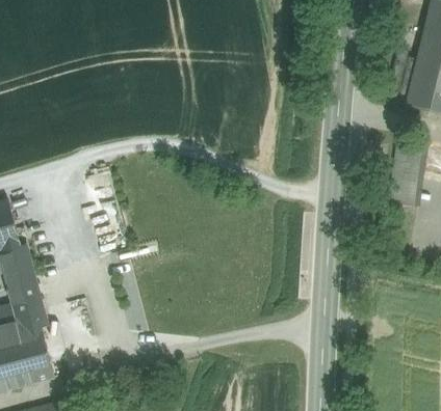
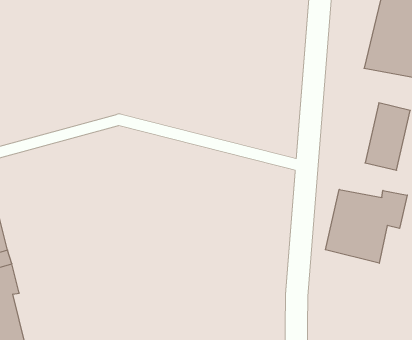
building: none -> [325,189,407,263]

